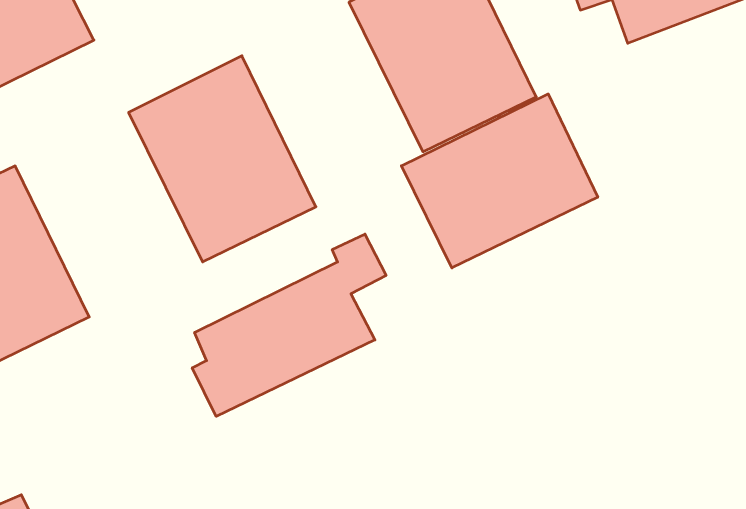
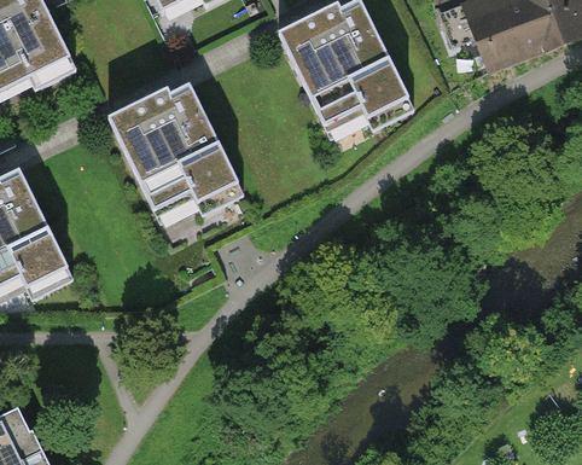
building: [401,94,598,268] -> none
building: [192,234,386,416] -> none

